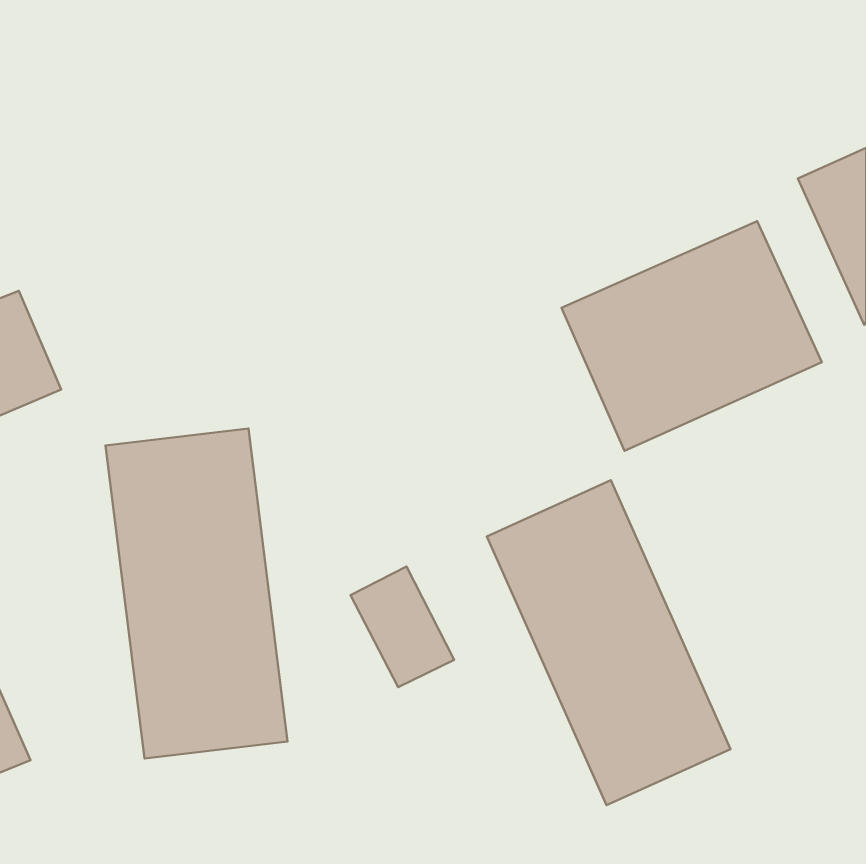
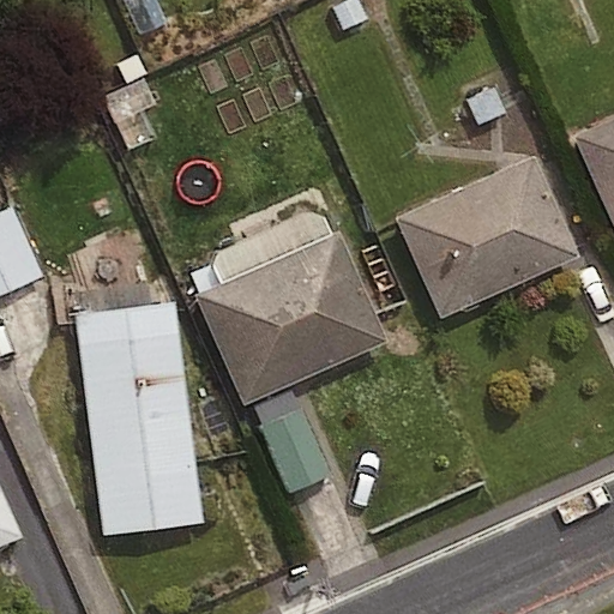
building: none -> [195,230,387,405]
building: [487,480,730,805] -> none

